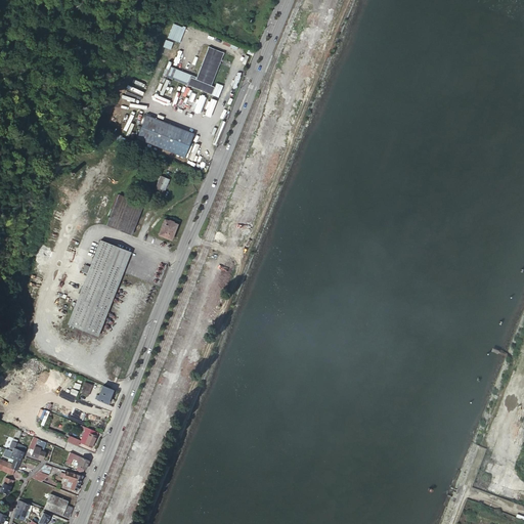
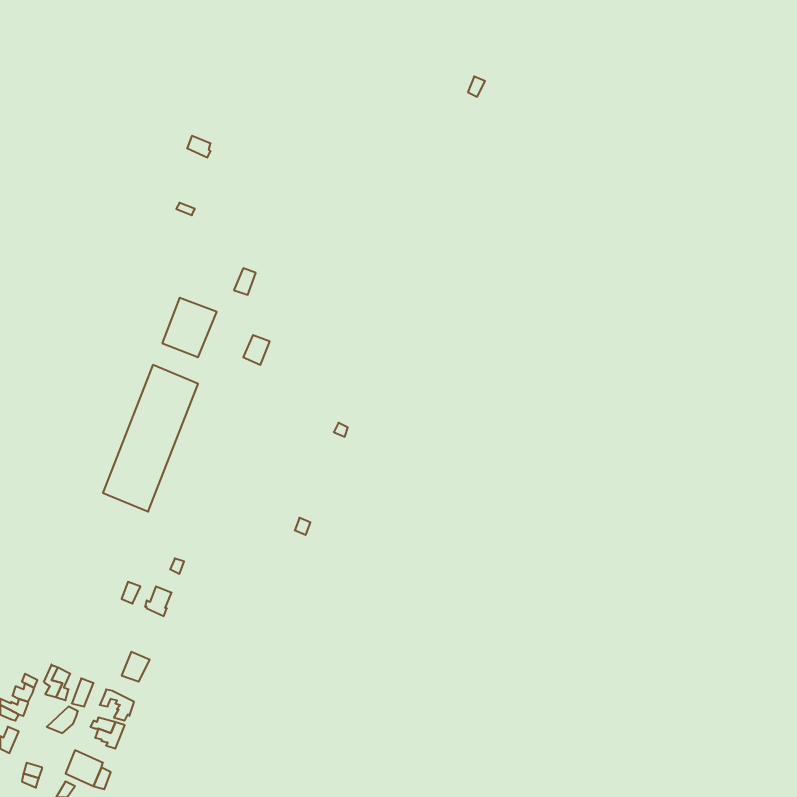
building: [165,47,223,95] -> none
building: [137,116,195,158] -> none

